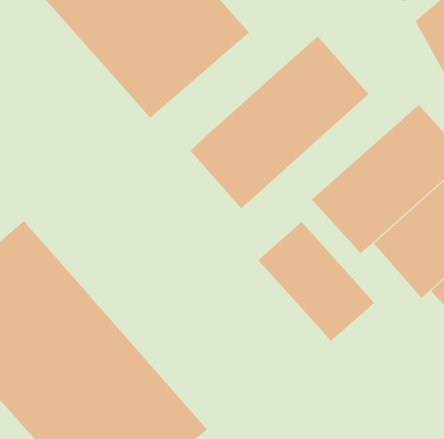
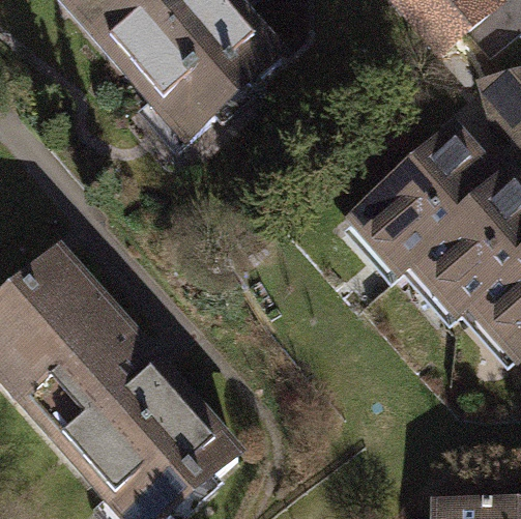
building: [190,36,369,209] -> none
building: [258,221,375,342] -> none

